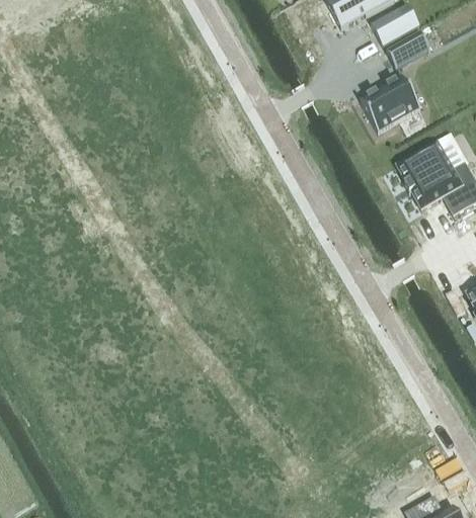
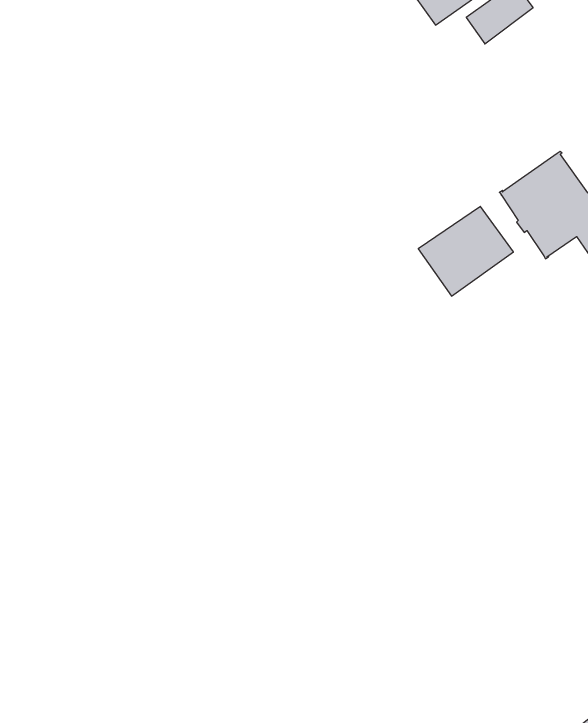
building: [362,75,422,131] -> [418,206,513,296]

